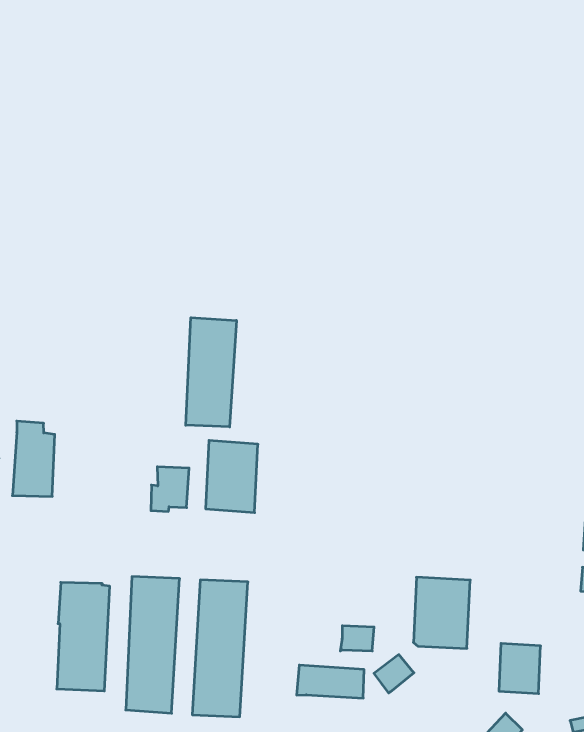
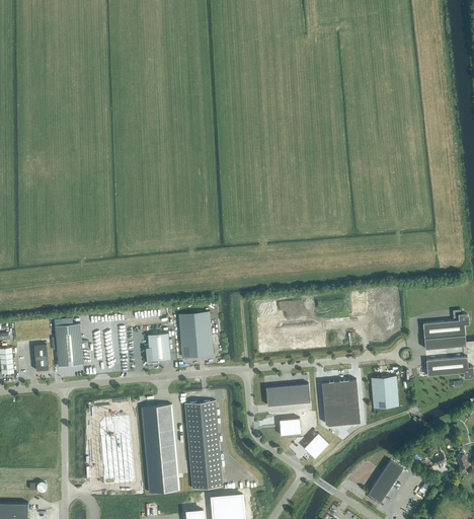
building: [186,318,236,427] -> none
building: [499,643,541,694] -> [370,376,398,409]
building: [297,665,364,698] -> [265,384,309,406]

